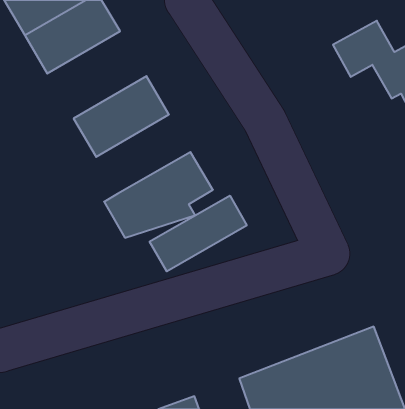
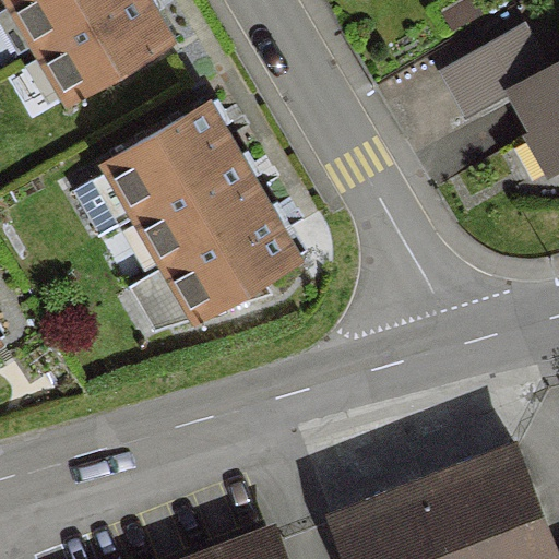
building: none -> [136,156,265,264]
building: [150,196,247,271] -> none

